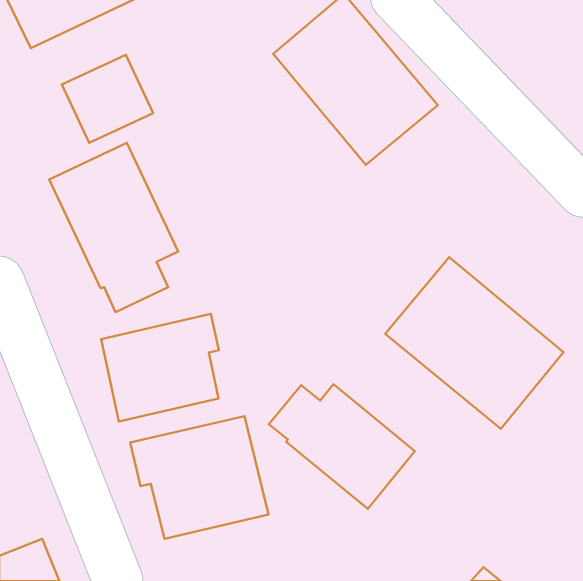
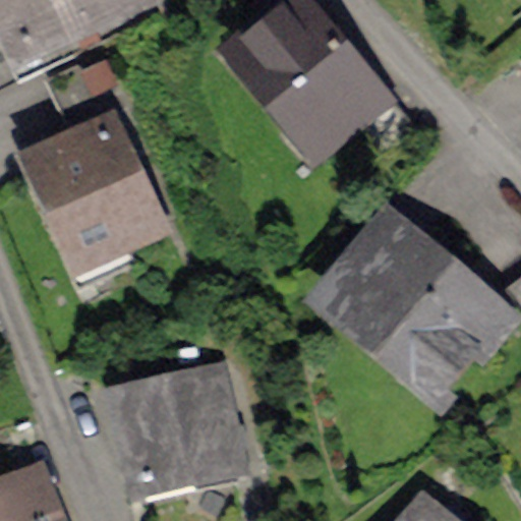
building: [101,314,219,421] -> none
building: [269,384,415,509] -> none

